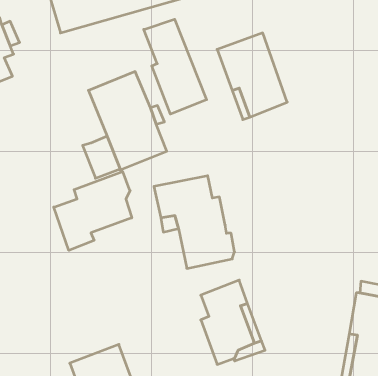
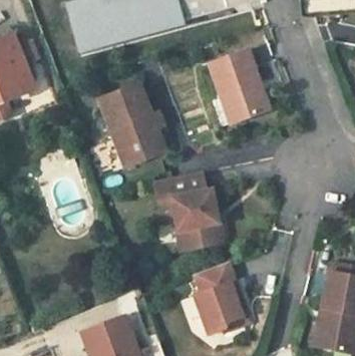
building: [144,19,207,114] -> none
building: [54,171,132,250] -> none

